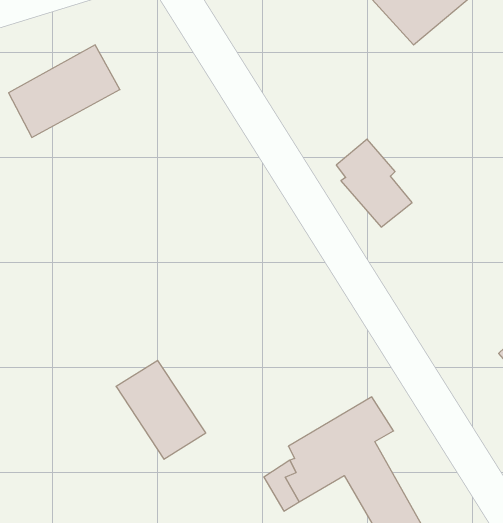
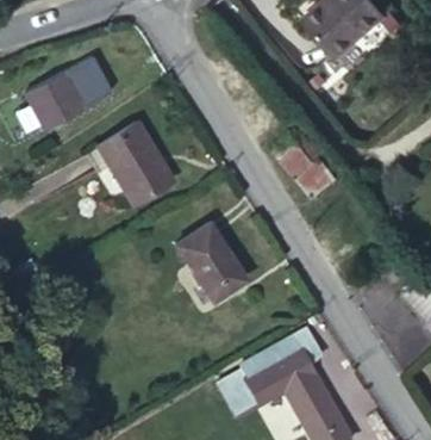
building: none -> [96,122,171,205]
building: [116,360,206,459] -> [175,224,244,300]

